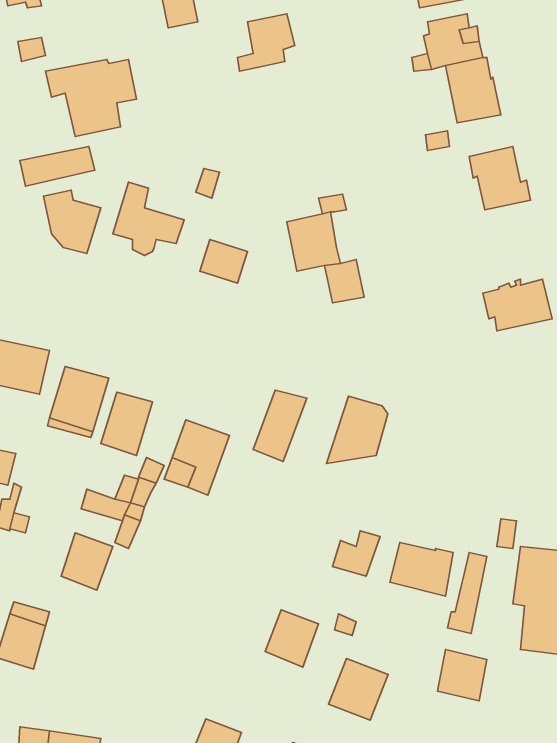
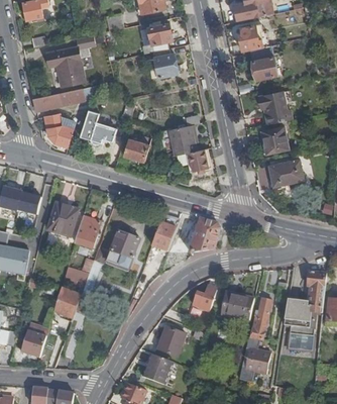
building: none -> [153,47,177,77]
building: none -> [261,126,288,152]
building: [329,659,388,720] -> [142,354,173,385]

